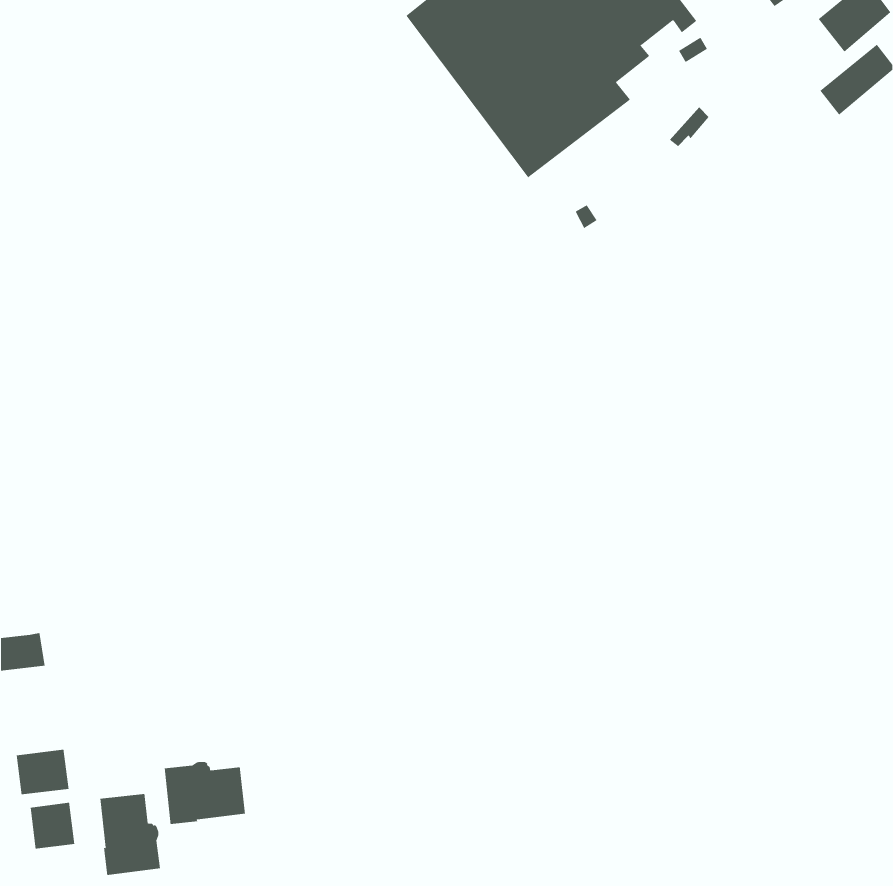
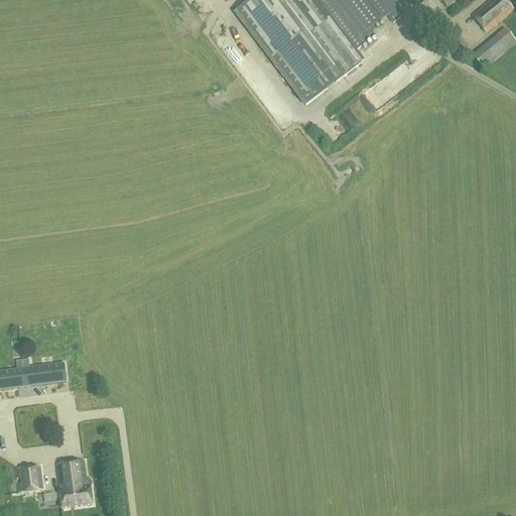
building: none -> [23,361,62,384]
building: [16,749,69,795] -> none
building: [164,761,246,825] -> none

